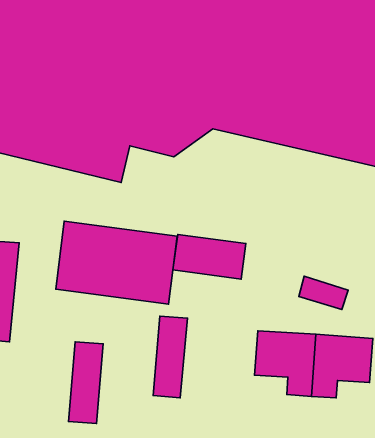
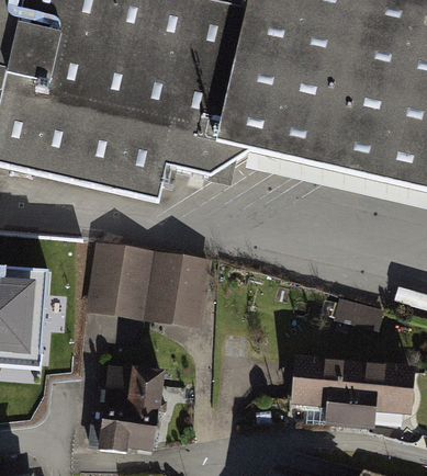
building: [173,235,246,279] -> none
building: [153,316,188,398] -> [128,369,164,452]

